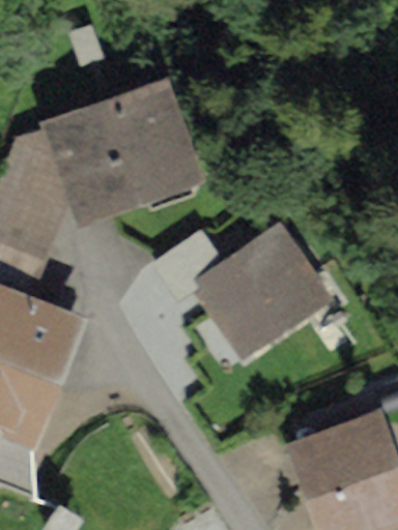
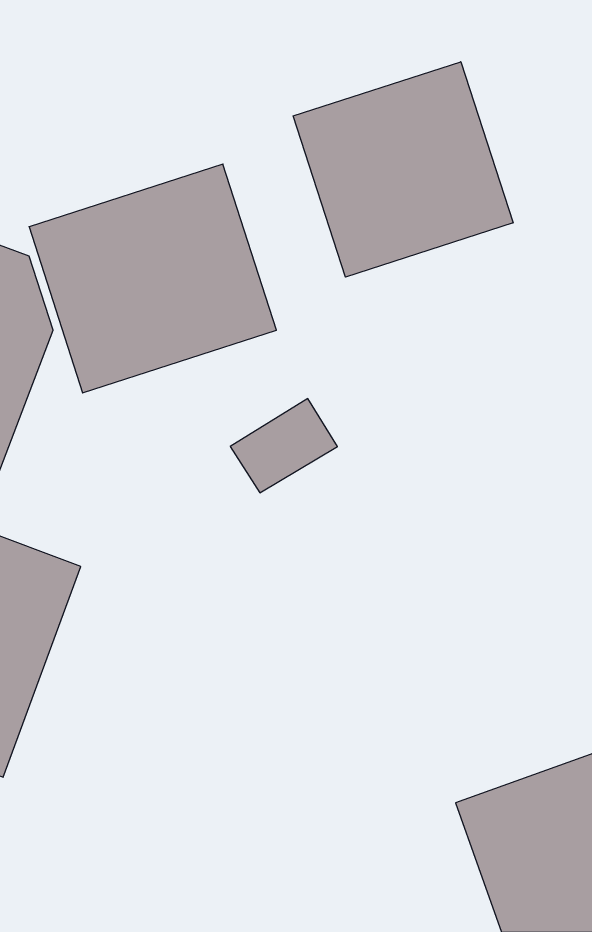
building: none -> [293,62,513,277]
building: [195,231,321,356] -> none

